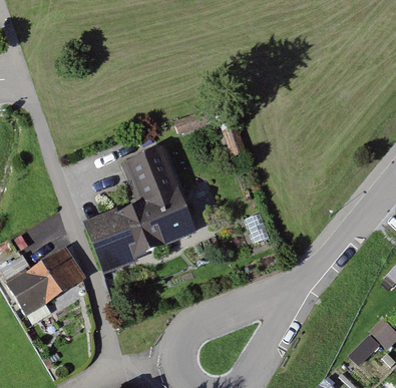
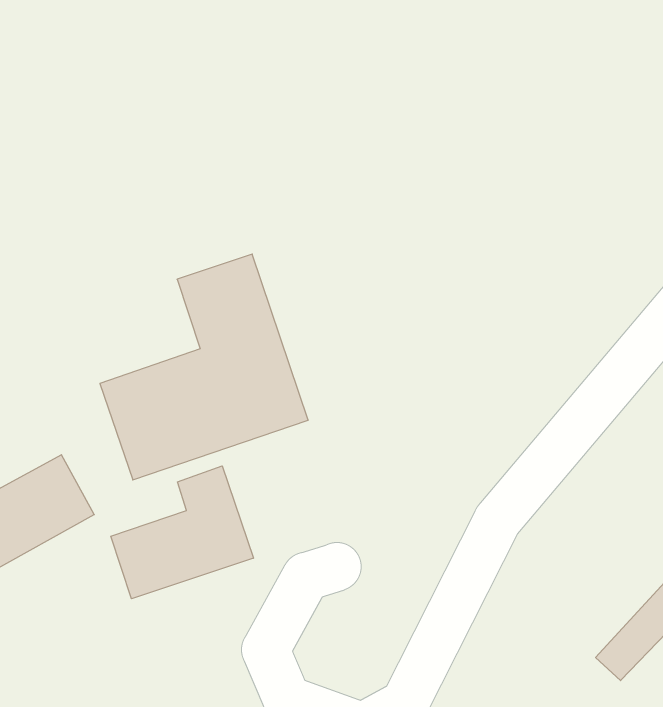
building: none -> [111,466,253,599]

